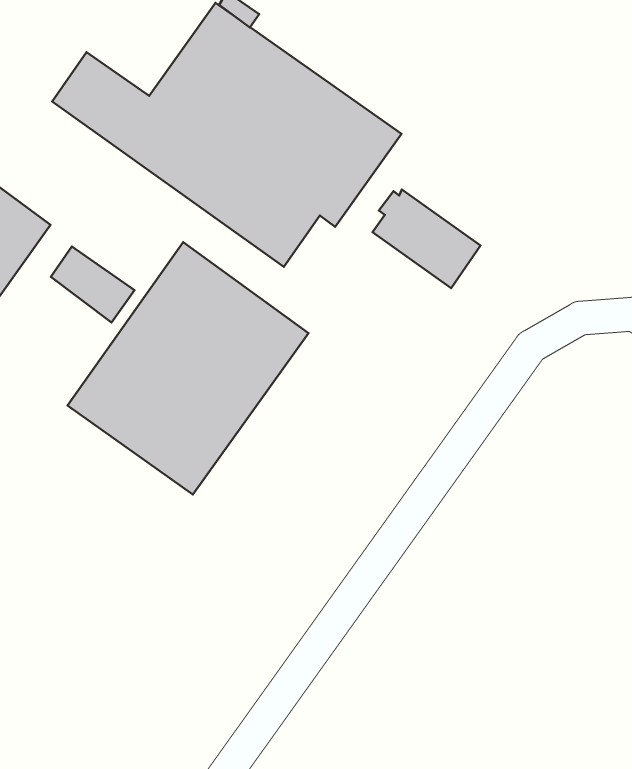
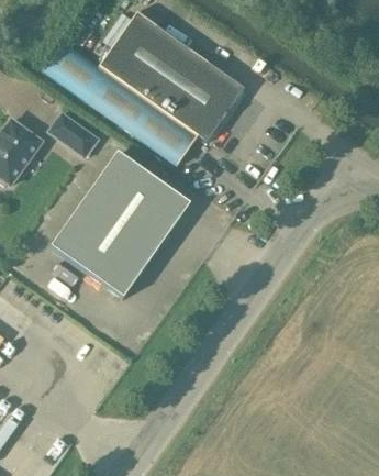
building: [373,189,481,288] -> none
building: [51,247,134,323] -> [49,112,98,156]

